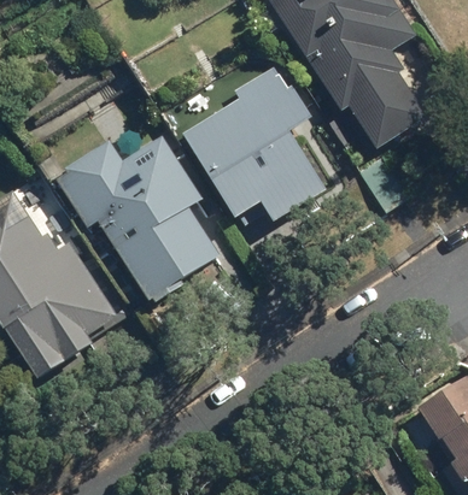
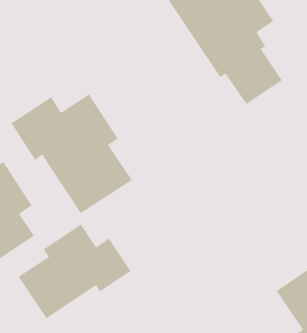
building: [177,84,312,220] -> none
building: none -> [18,224,131,319]

